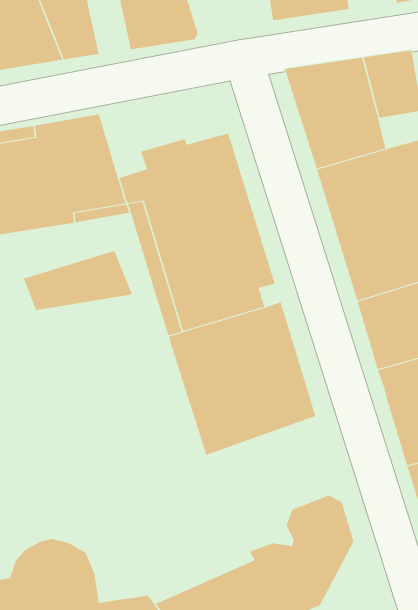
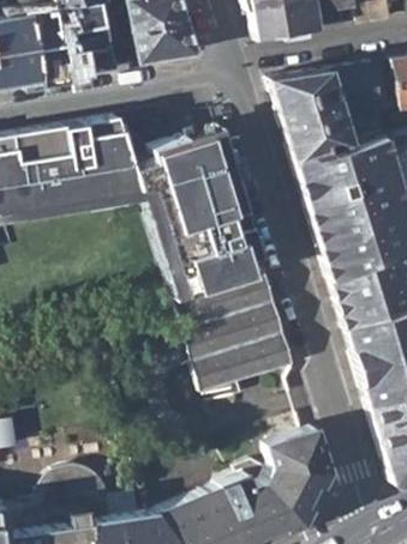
building: [23,250,132,311] -> none

